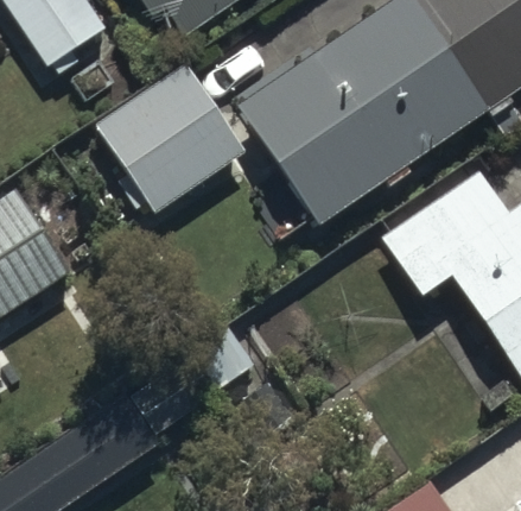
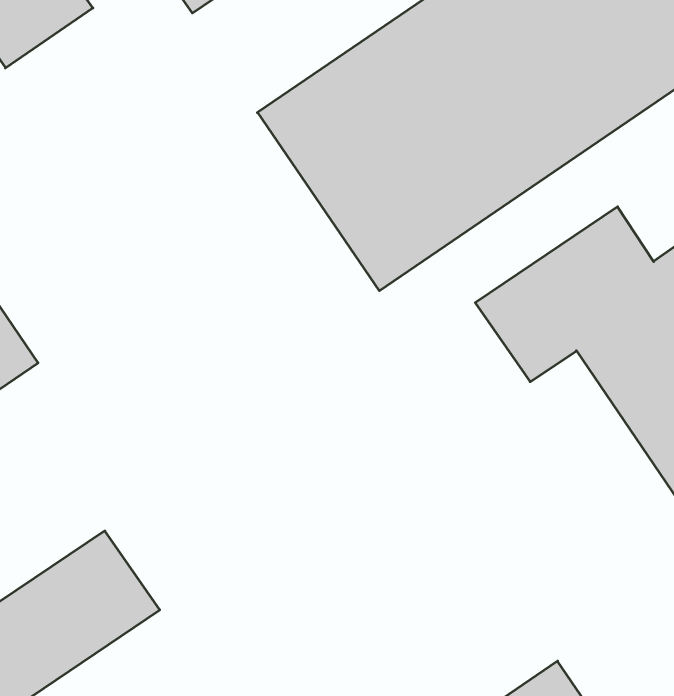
building: [94,61,249,214] -> none

